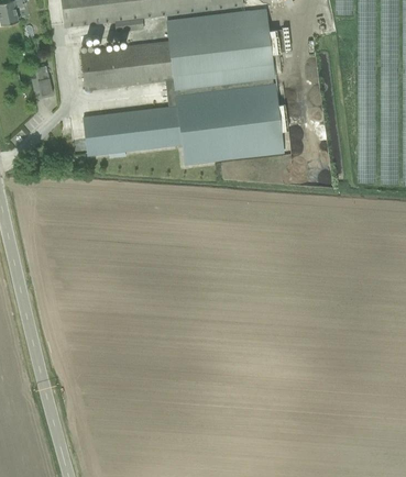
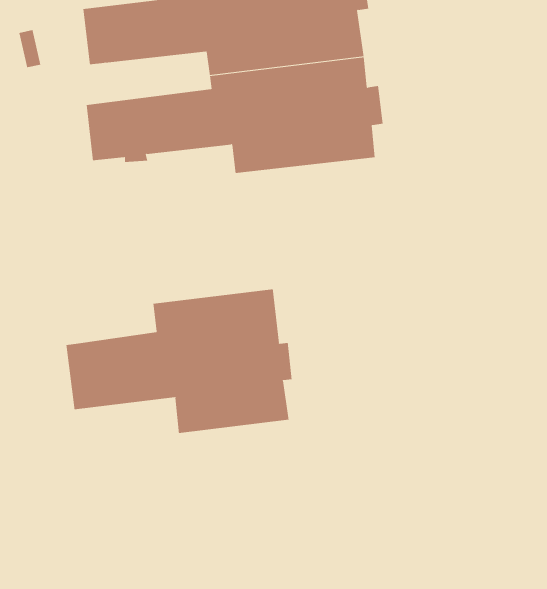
building: none -> [66,288,292,434]

